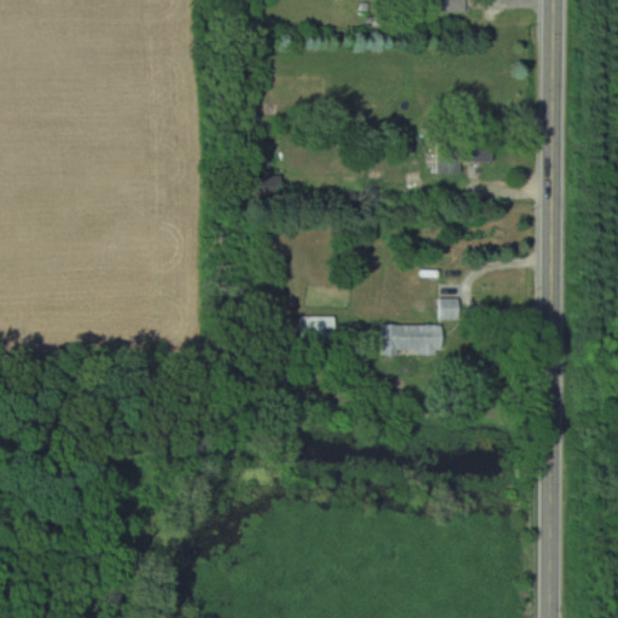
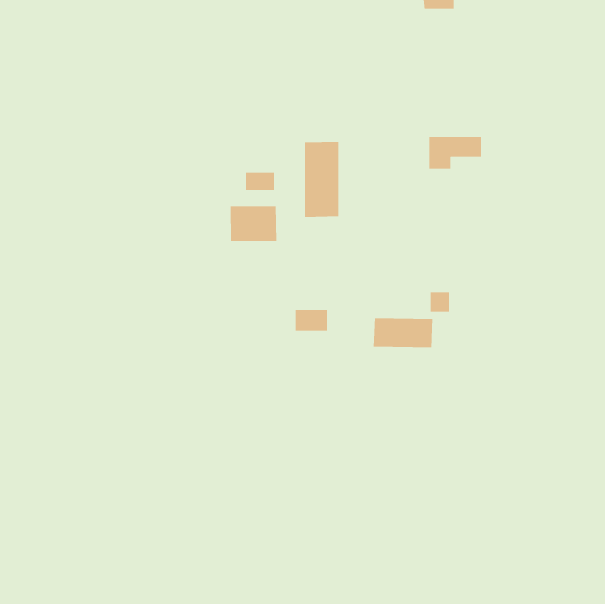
building: none -> [304,141,339,218]
building: none -> [230,205,277,242]

